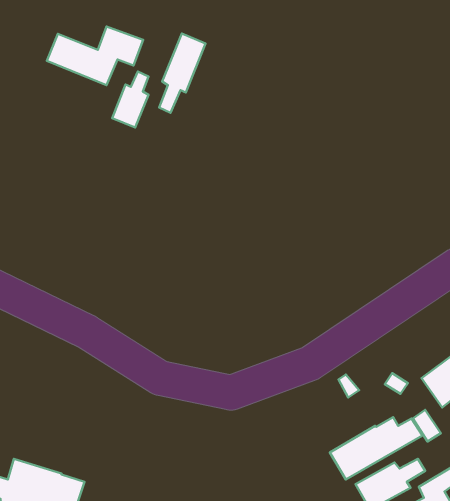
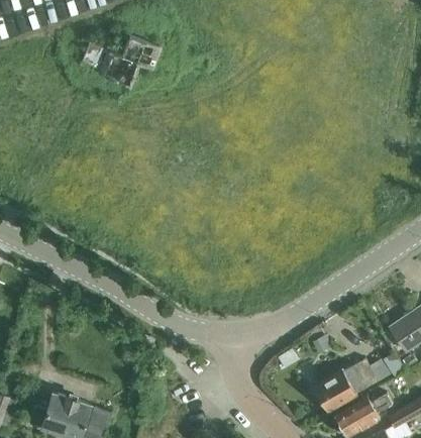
building: [159,33,206,113] -> none
building: [112,72,149,128] -> none

